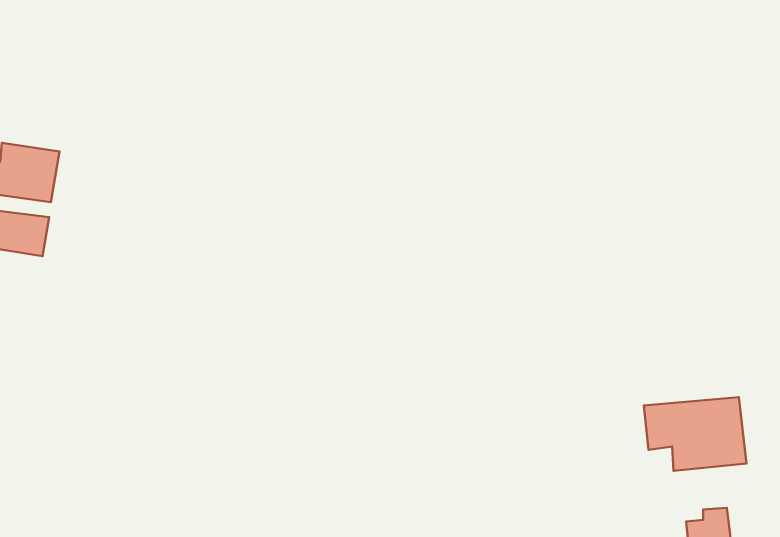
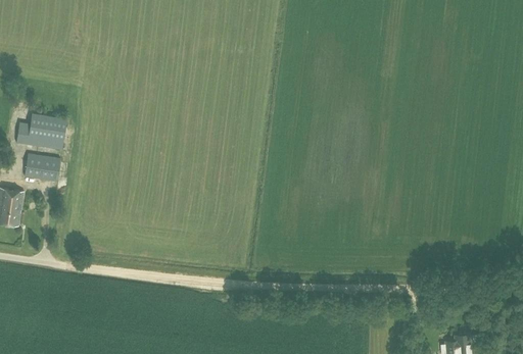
building: [644,397,747,471] -> none

